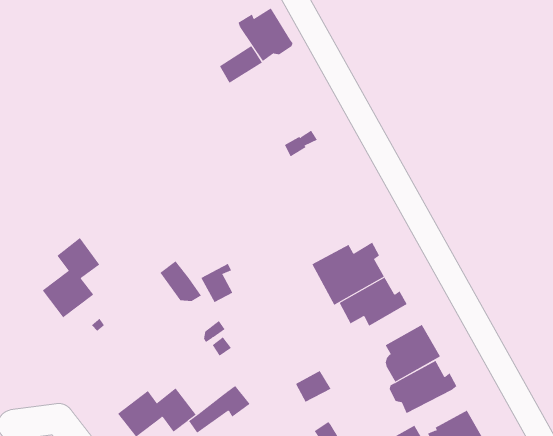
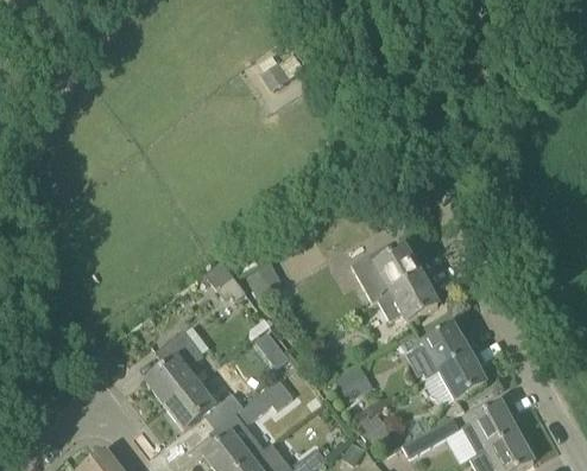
building: [238,7,293,62] -> none
building: [42,237,100,318] -> [146,329,202,406]

